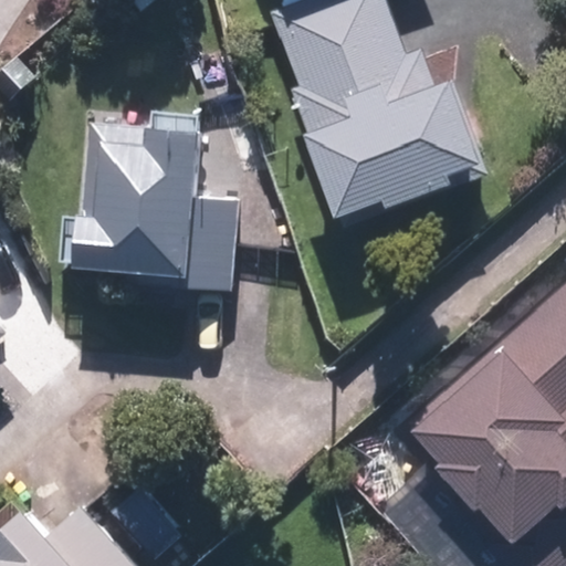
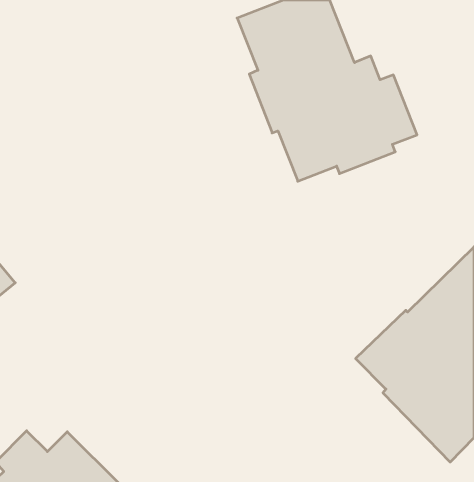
building: [77,120,232,291] -> none

